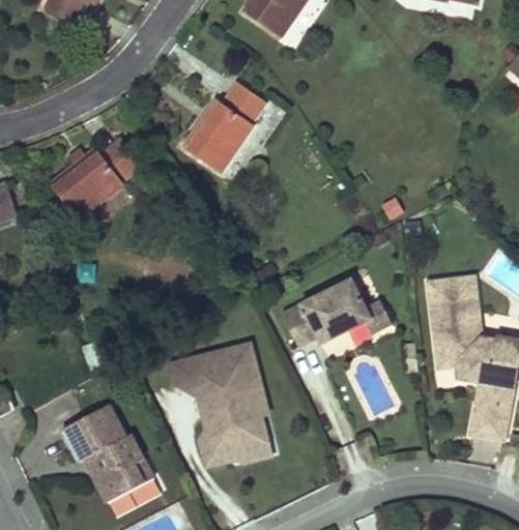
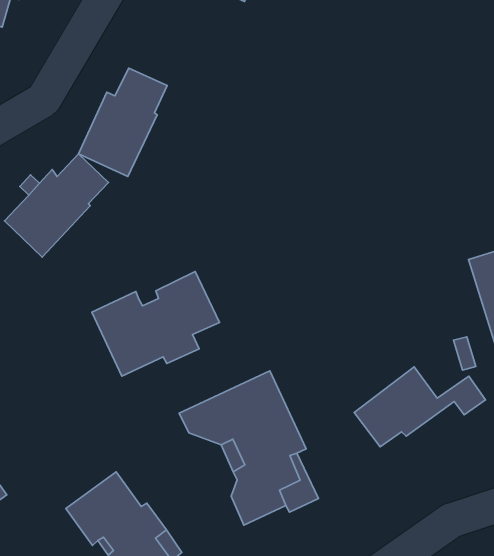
building: [185,82,268,171] -> [78,68,167,177]
building: none -> [92,272,219,376]
building: [279,286,388,347] -> [354,367,485,447]

